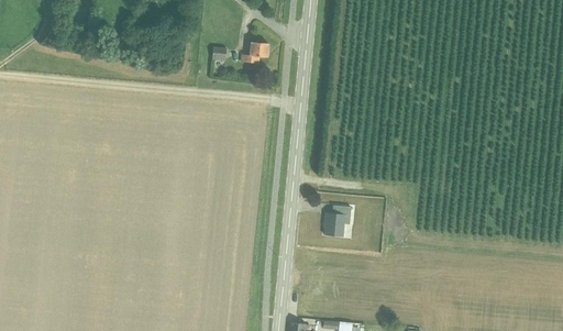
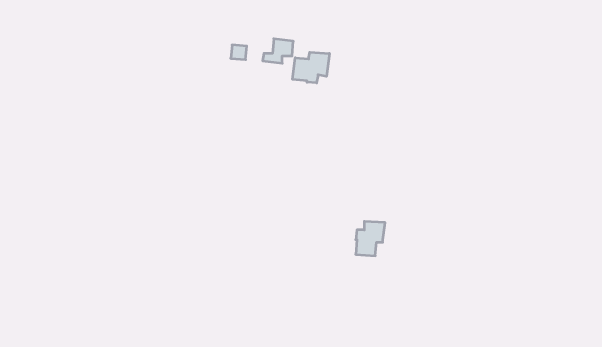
building: none -> [293,52,329,83]

